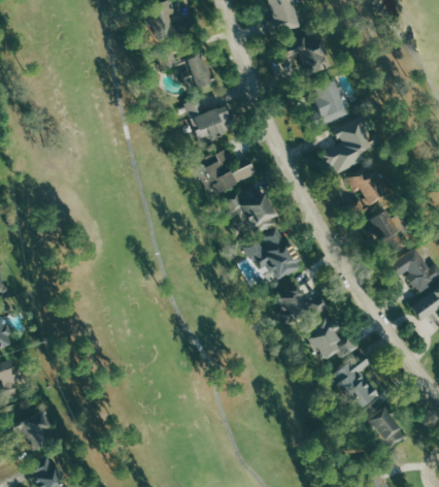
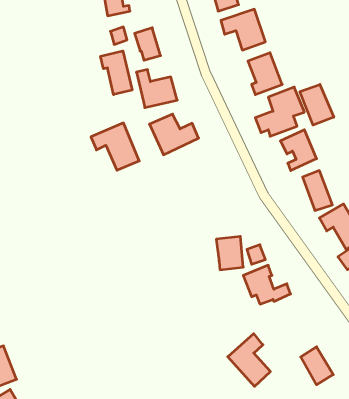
building: none -> [101,51,132,95]
building: none -> [300,84,334,125]
building: [224,183,277,235] -> [91,123,139,170]
building: [243,232,297,279] -> none
building: [331,352,378,411] -> [228,334,270,386]

